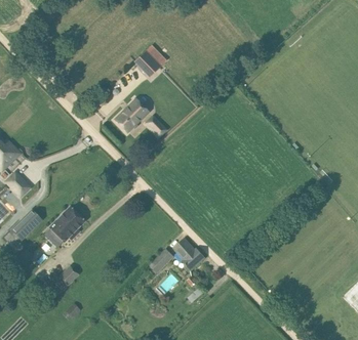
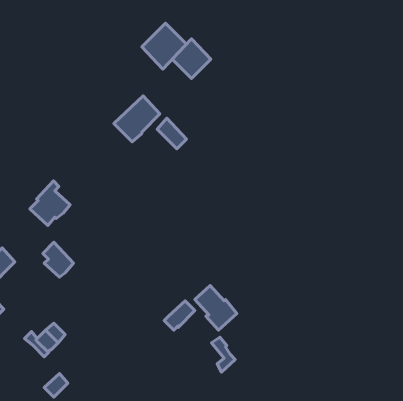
building: none -> [172,39,211,78]
building: [44,215,74,248] -> [30,181,70,226]

